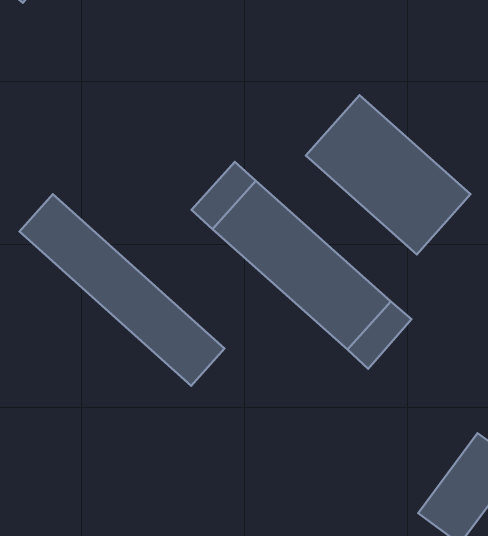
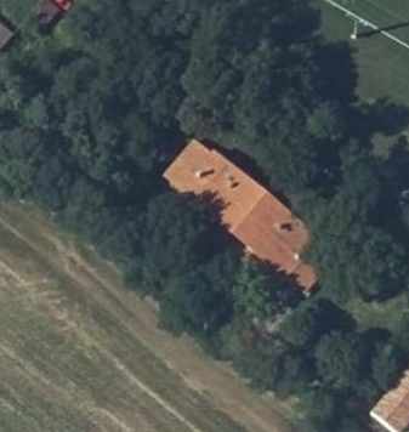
building: [306,95,471,255] -> none
building: [20,194,224,386] -> none

